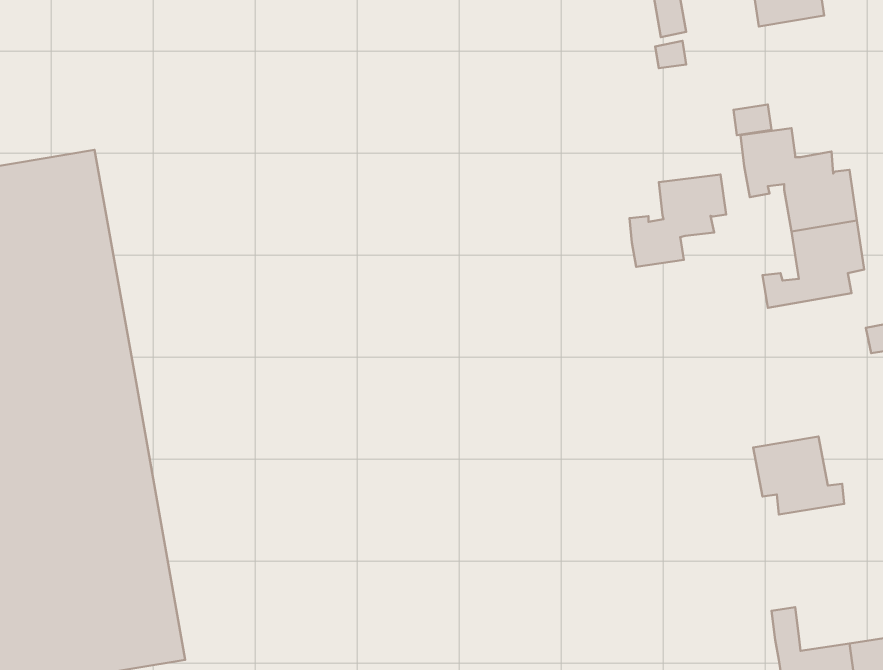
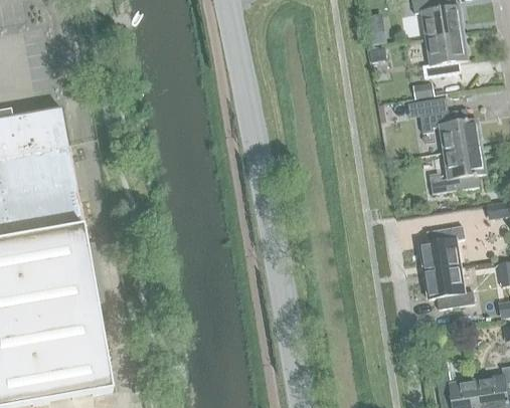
building: none -> [423,33,468,79]
building: [629,175,726,267] -> none
building: none -> [420,226,466,272]

